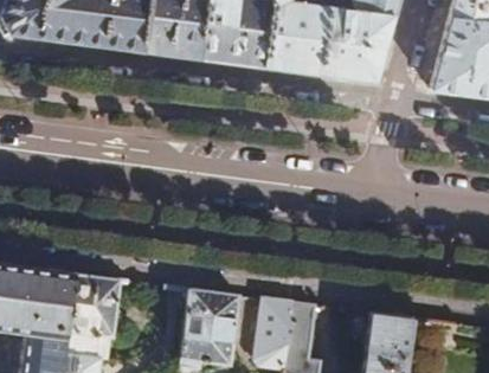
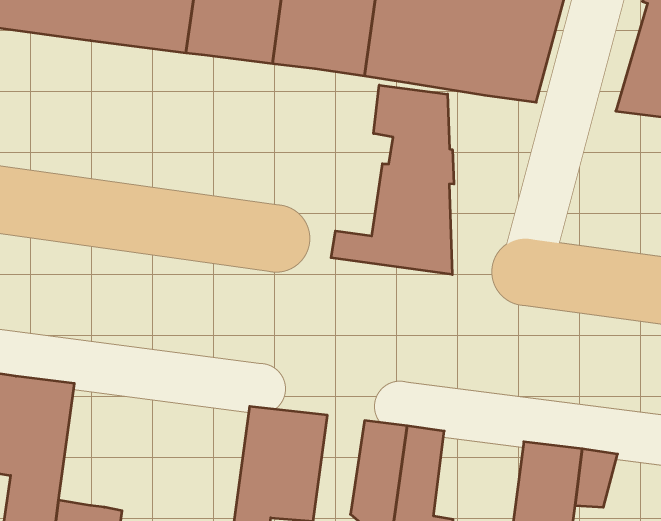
building: none -> [331,85,454,275]
building: [58,274,118,359] -> none

